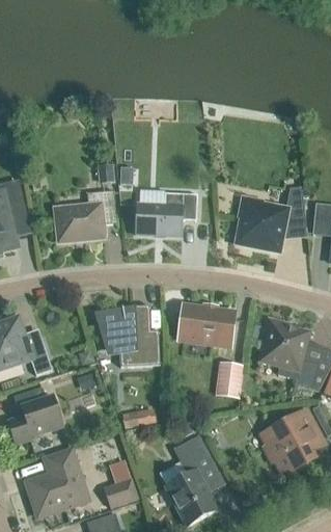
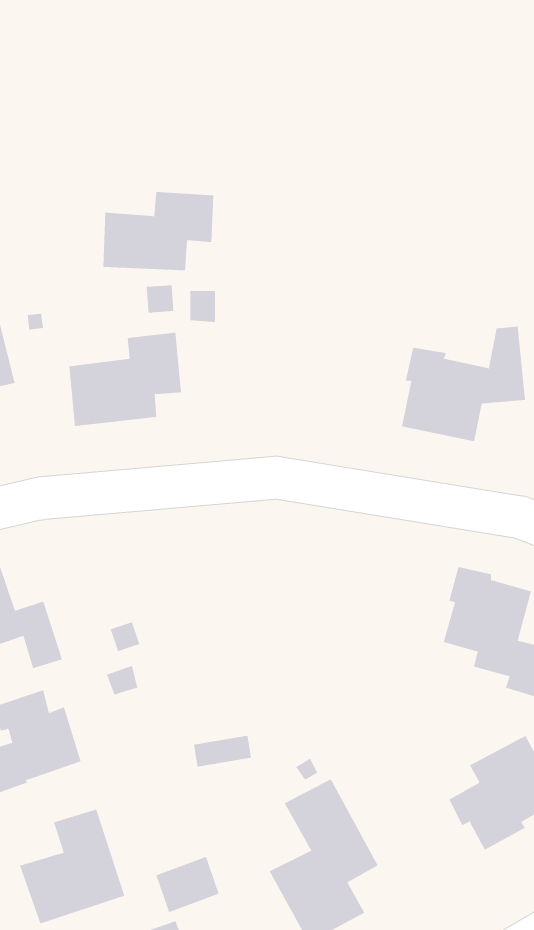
building: [136,191,197,235] -> [103,191,214,271]
building: [96,304,160,366] -> none
building: [178,304,235,345] -> none
building: [215,361,244,397] -> none

